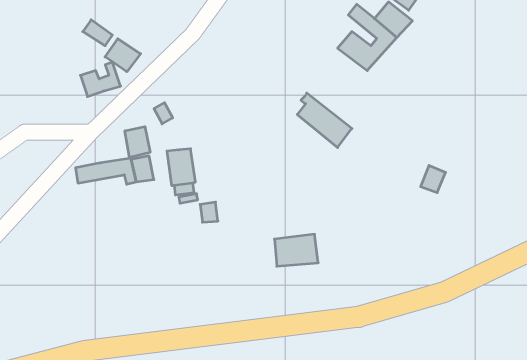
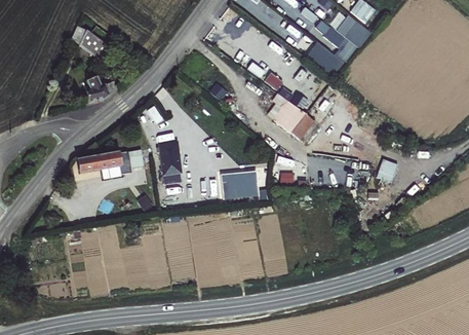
building: [105,39,141,72] -> none
building: [125,127,150,157] -> none
building: [274,234,318,266] -> [220,171,258,198]

